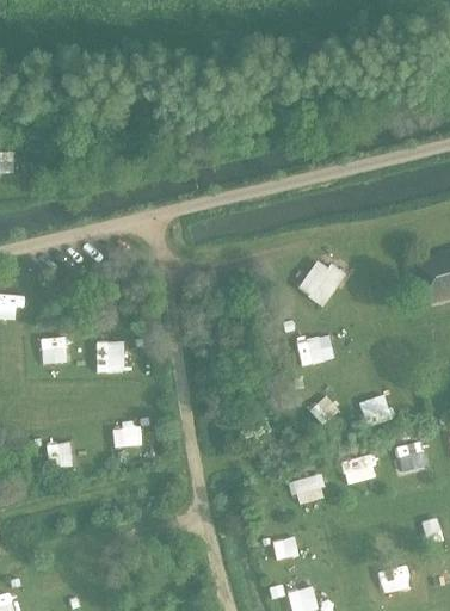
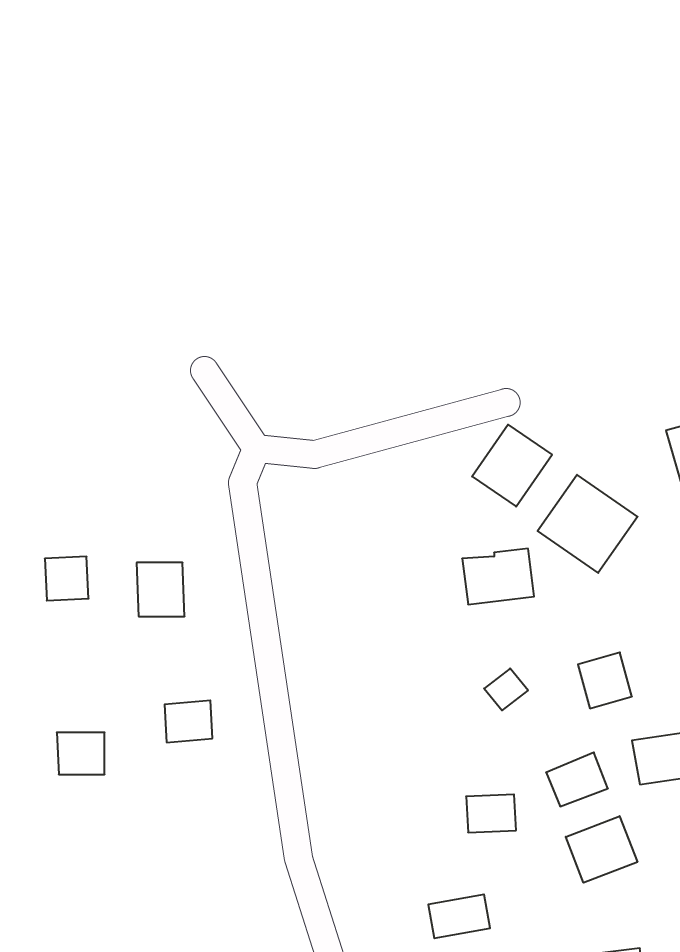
building: none -> [538,475,638,573]
building: none -> [566,816,637,883]

